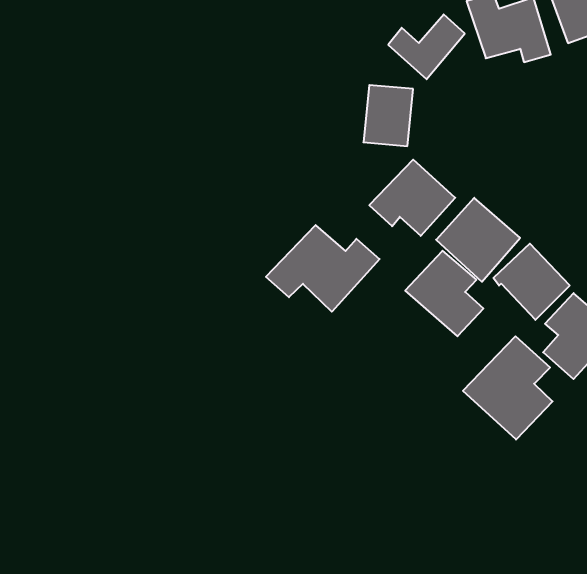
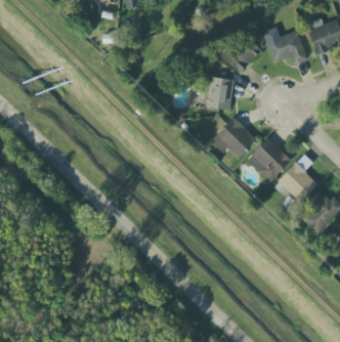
building: [266,225,380,312] -> none
building: [405,251,483,336] -> none
building: [463,336,553,440] -> none

